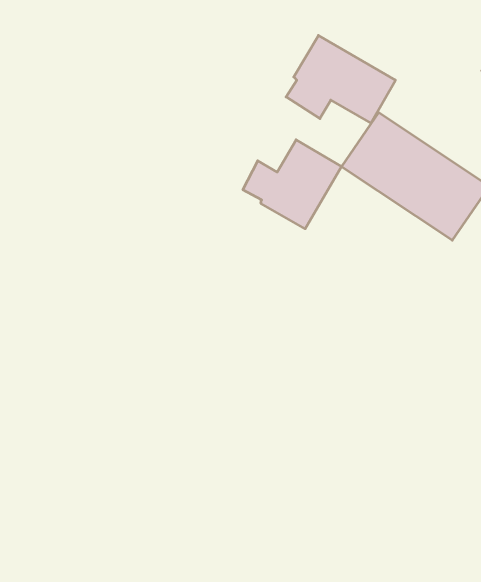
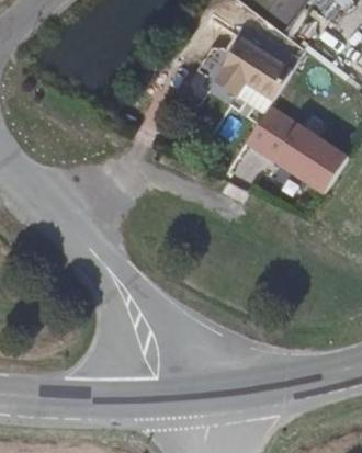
building: [243,140,341,229] -> none

